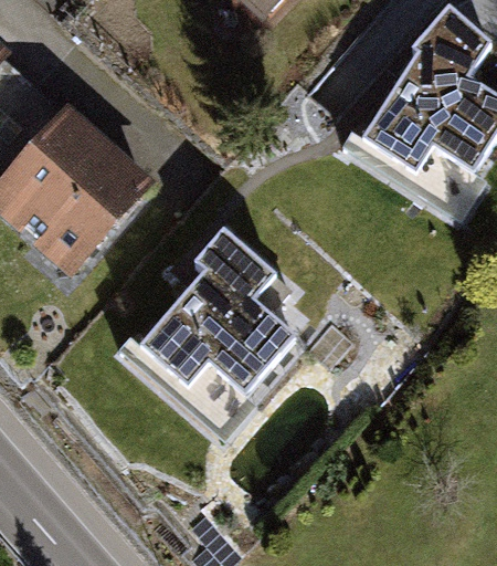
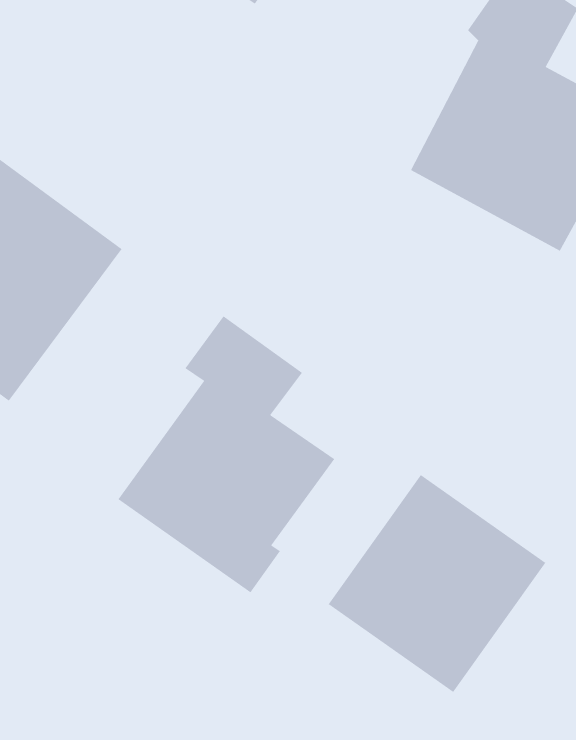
building: none -> [328,474,546,693]

